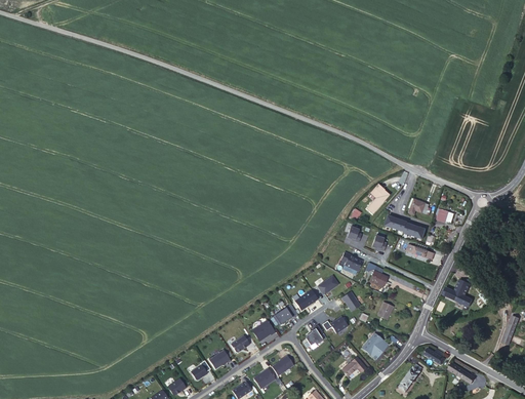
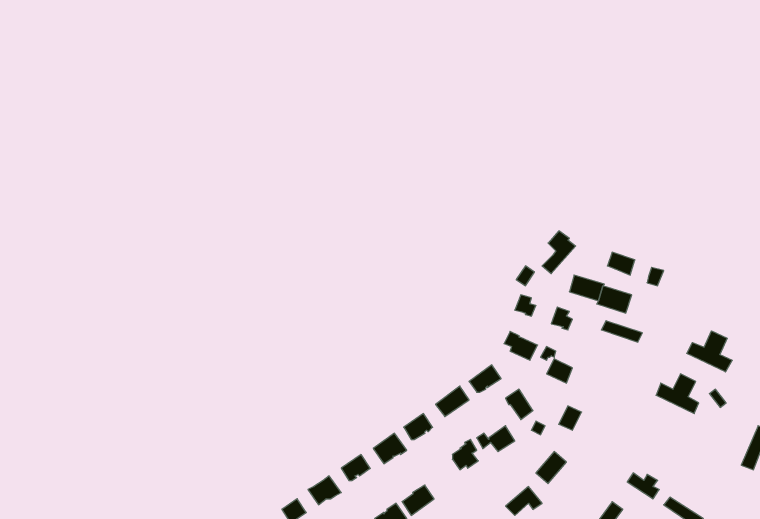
building: none -> [687,331,732,372]

